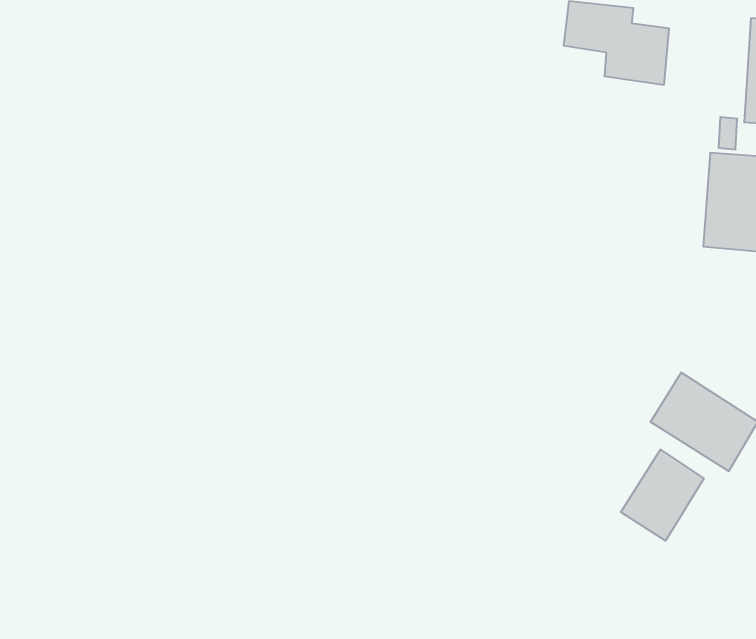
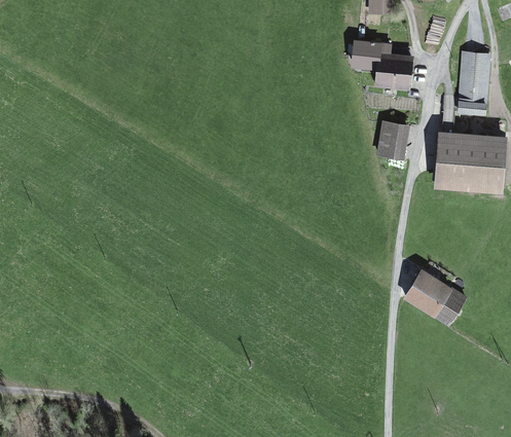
building: none -> [375,120,409,160]
building: [621,449,704,541] -> none

